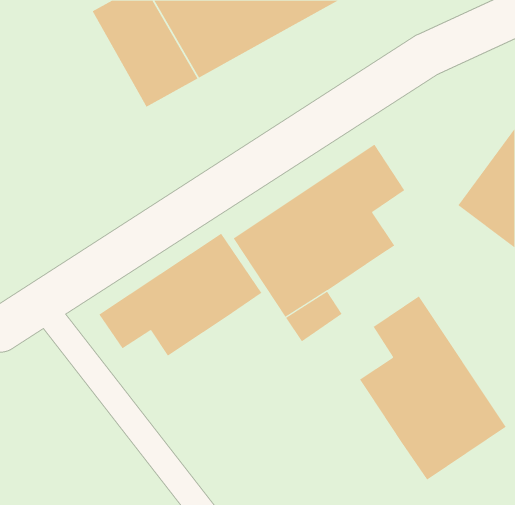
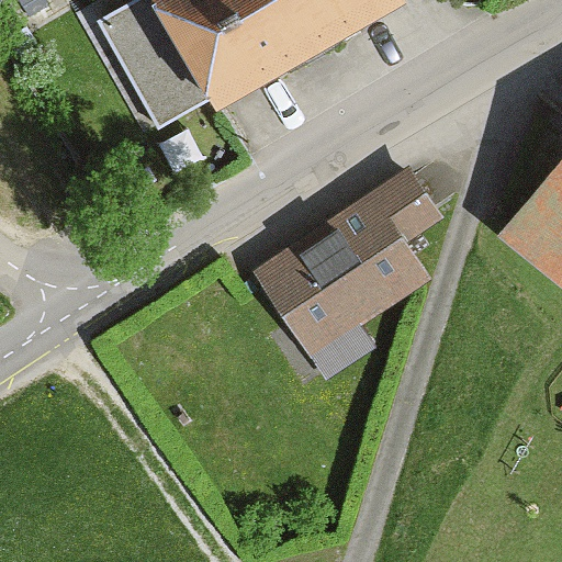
building: [98,233,262,356] -> none
building: [359,295,507,480] -> none

